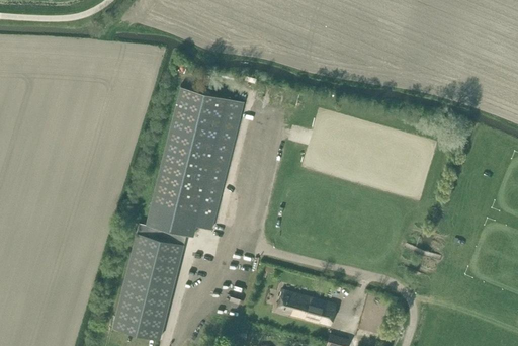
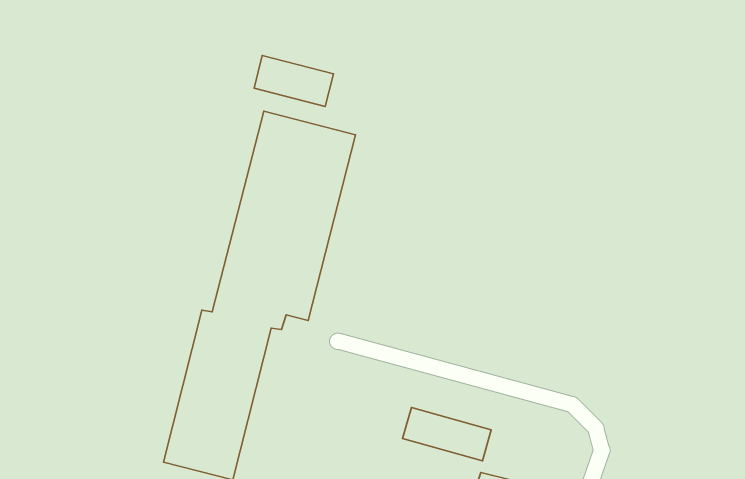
building: none -> [254,55,333,107]

